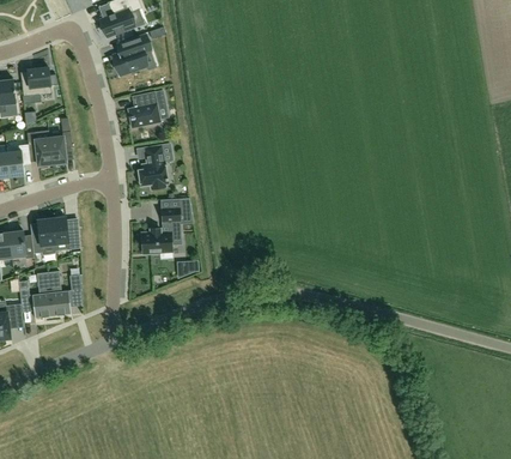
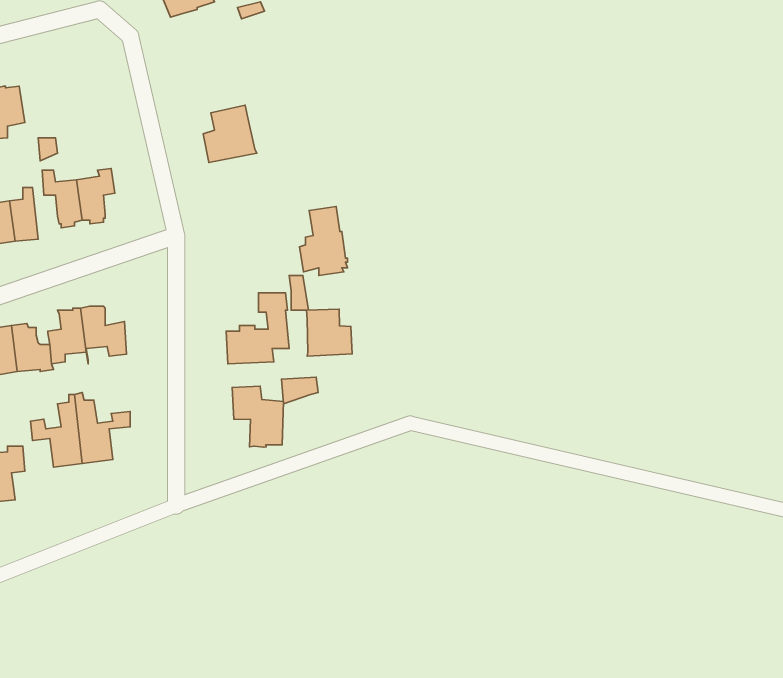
building: [114,35,151,74] -> none
building: [22,67,51,96] -> none
building: [139,145,169,188] -> [300,207,348,276]
building: none -> [307,309,352,356]
building: none -> [232,386,283,447]

